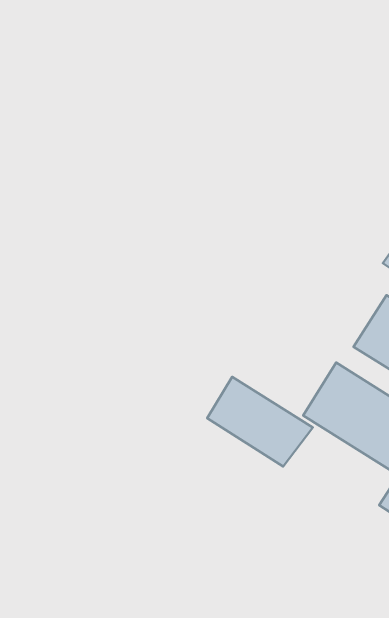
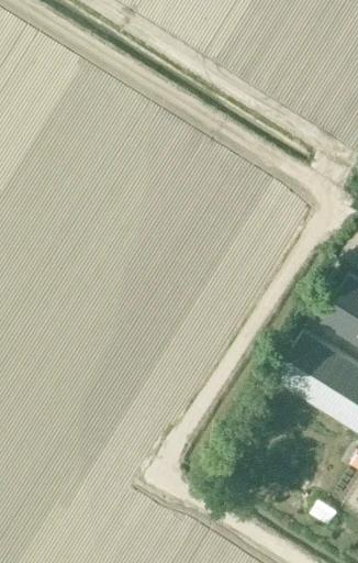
building: [207,377,313,466] -> none

